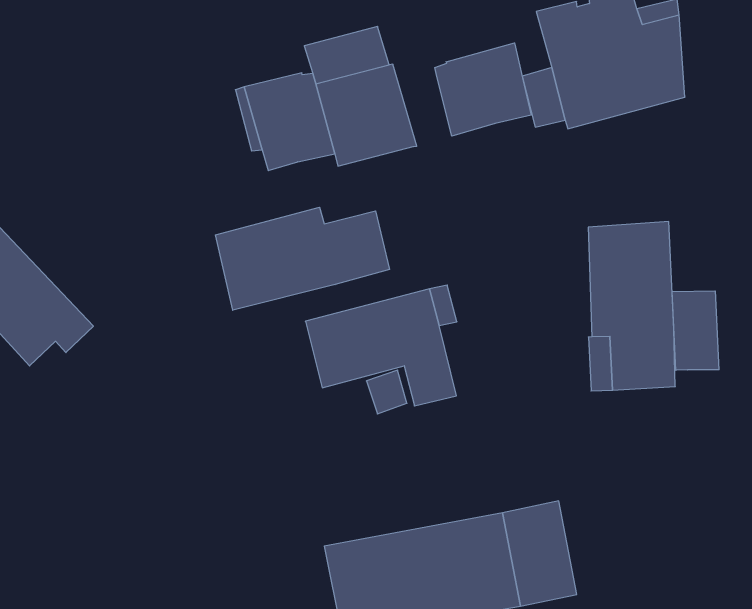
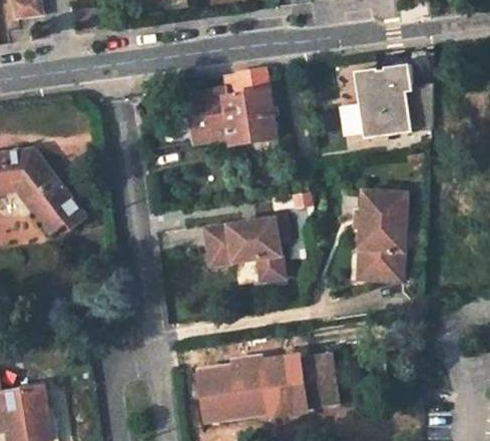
building: [435,43,531,136] -> none
building: [216,207,389,310] -> none
building: [672,291,719,370] -> none

